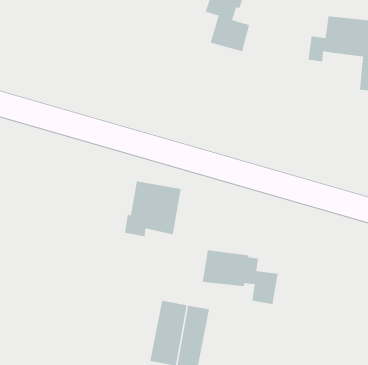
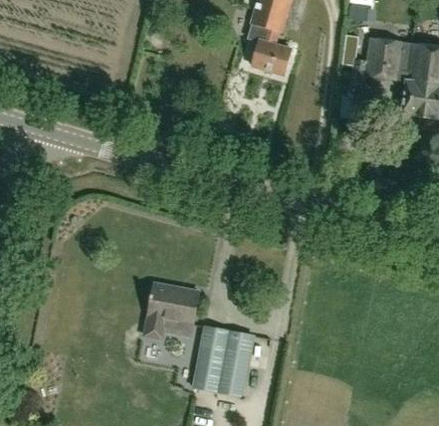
building: [124,181,181,237] -> [143,283,200,340]
building: [202,249,278,305] -> none

